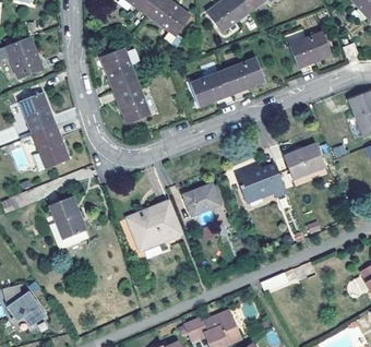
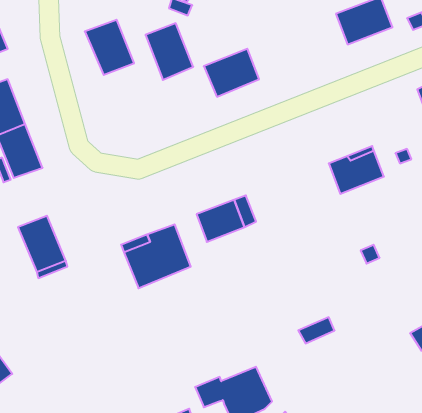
building: [223,57,266,93] -> none
building: [115,81,151,123] -> [145,23,193,80]
building: [237,163,287,201] -> none

